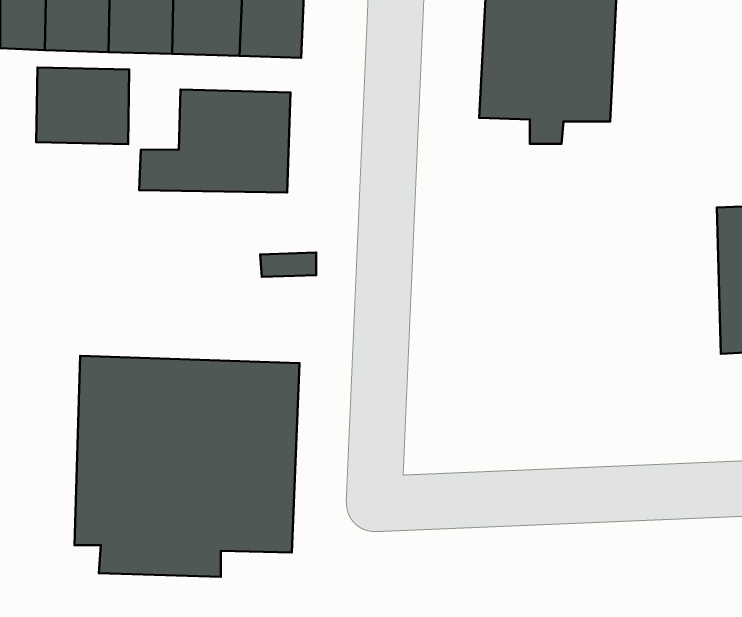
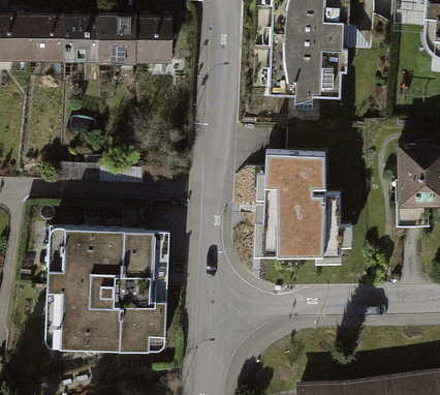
building: [36,67,129,144] -> none
building: [139,90,291,193] -> none
building: none -> [257,152,355,263]

